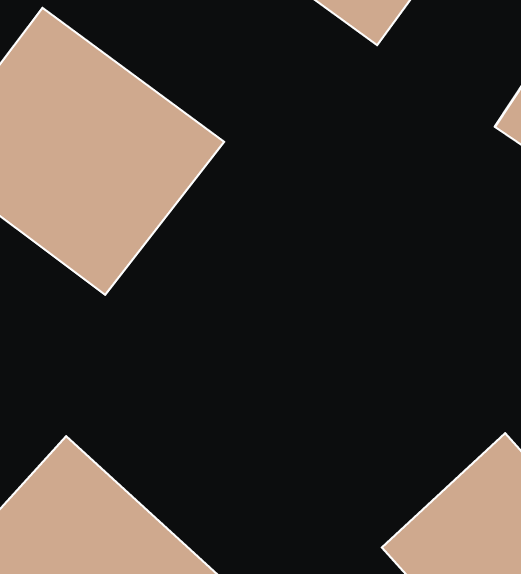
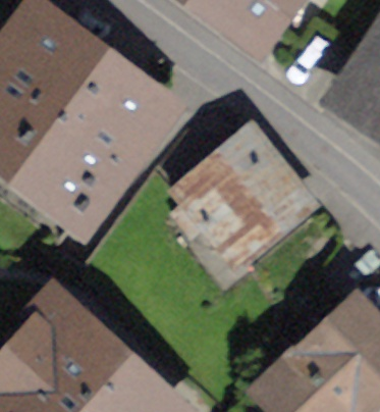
building: none -> [175,114,311,249]

